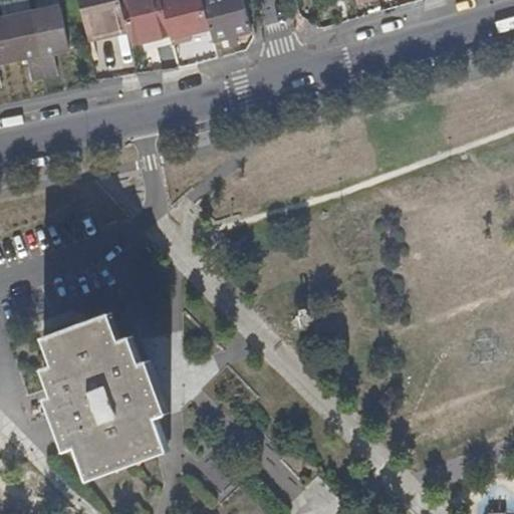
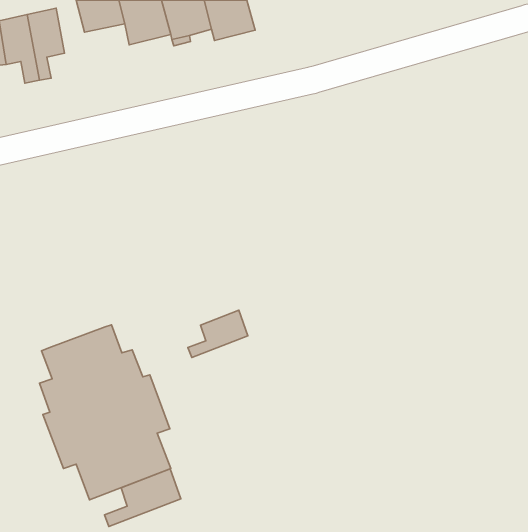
building: none -> [188,310,248,358]
building: none -> [104,469,181,526]

